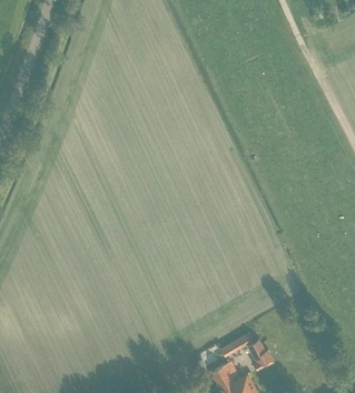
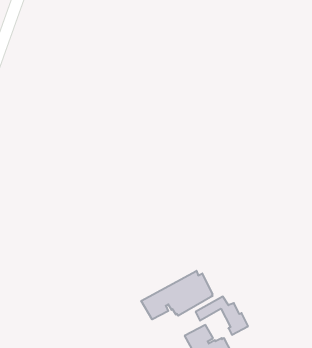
building: none -> [141,271,213,319]

